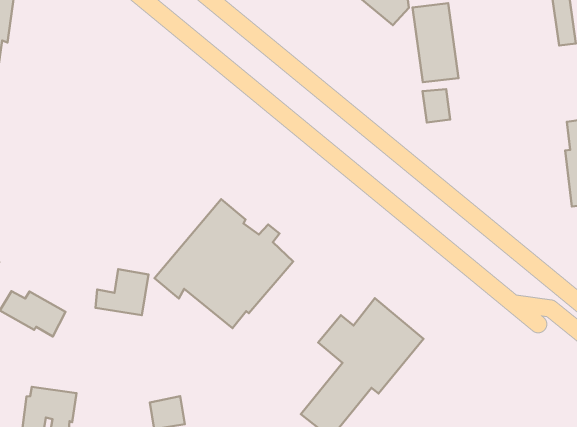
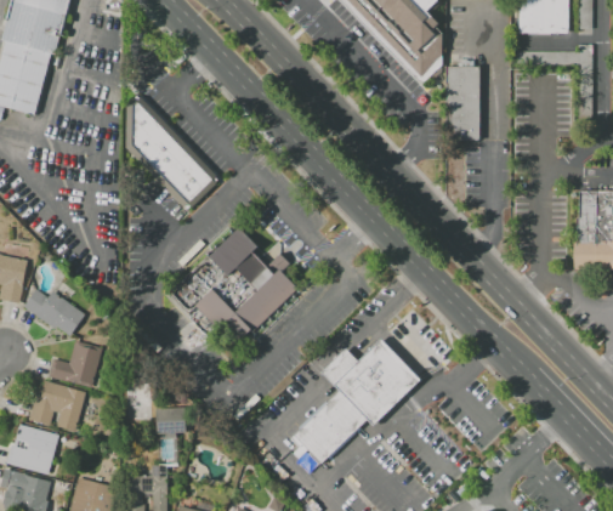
building: none -> [129,97,221,211]
building: [423,89,450,123] -> none
building: [96,269,148,315] -> [49,341,102,387]

